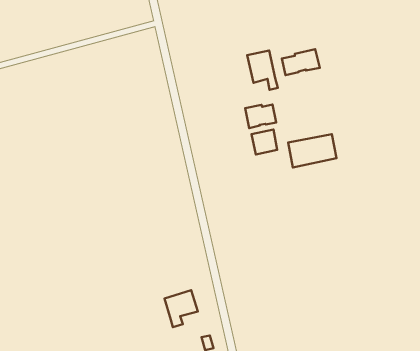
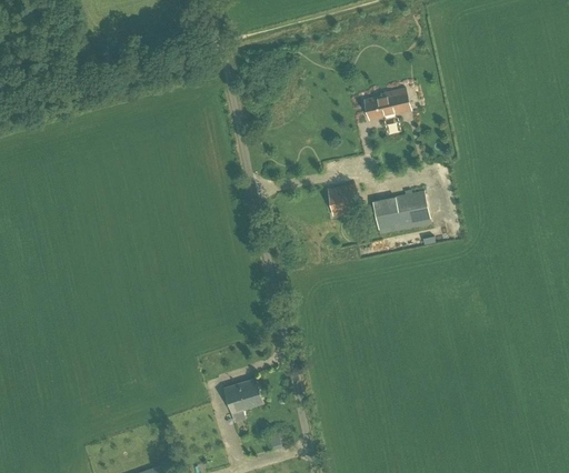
building: [247,51,278,90] -> none
building: [245,104,276,128] -> none

